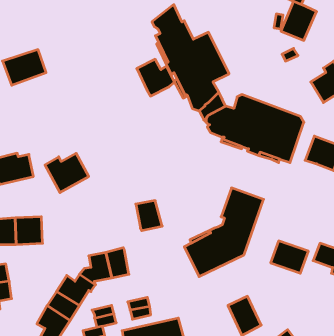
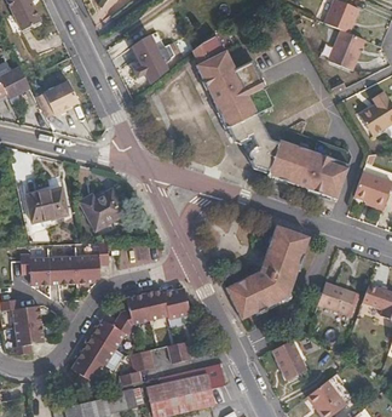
building: [137,59,175,96] -> [131,34,171,73]
building: [136,201,162,231] -> [163,287,191,319]
building: none -> [76,241,109,284]

